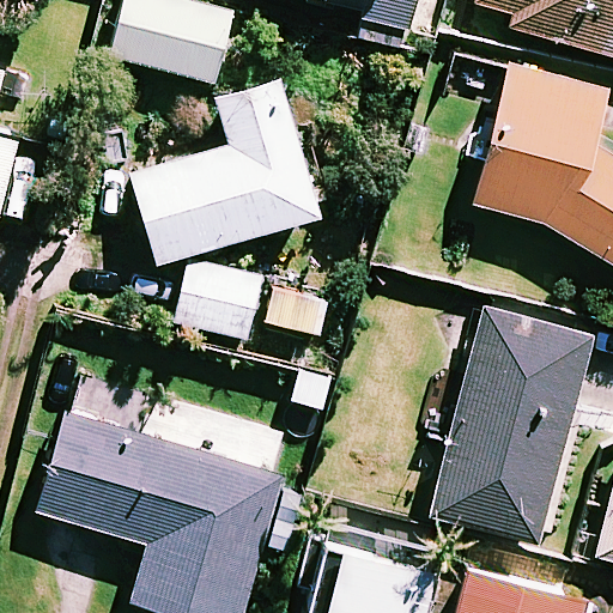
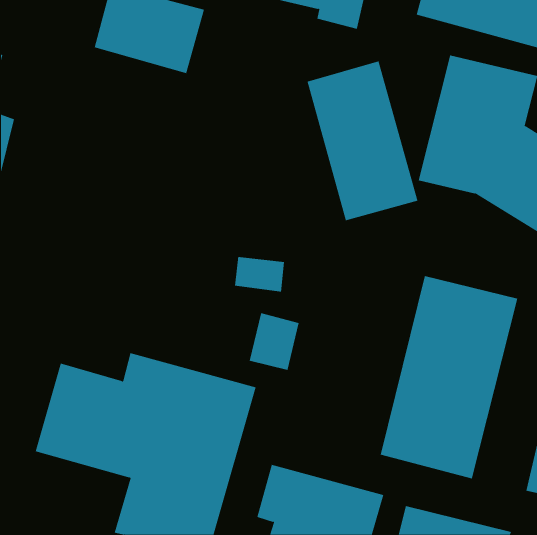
building: none -> [307,60,418,221]
building: [131,81,318,263] -> none
building: [177,261,261,336] -> none

